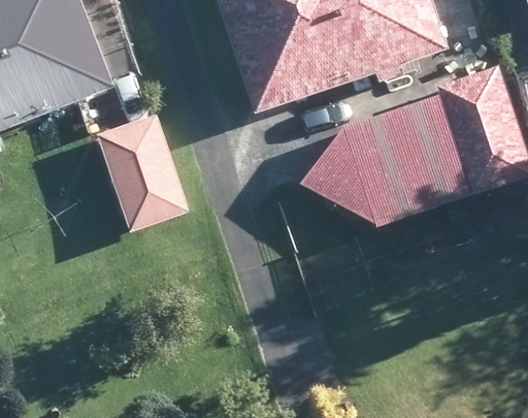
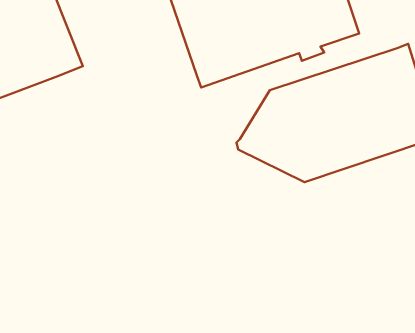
building: [95,111,191,233] -> none

